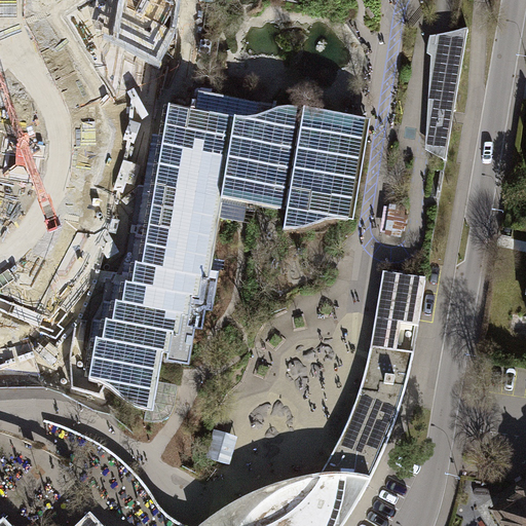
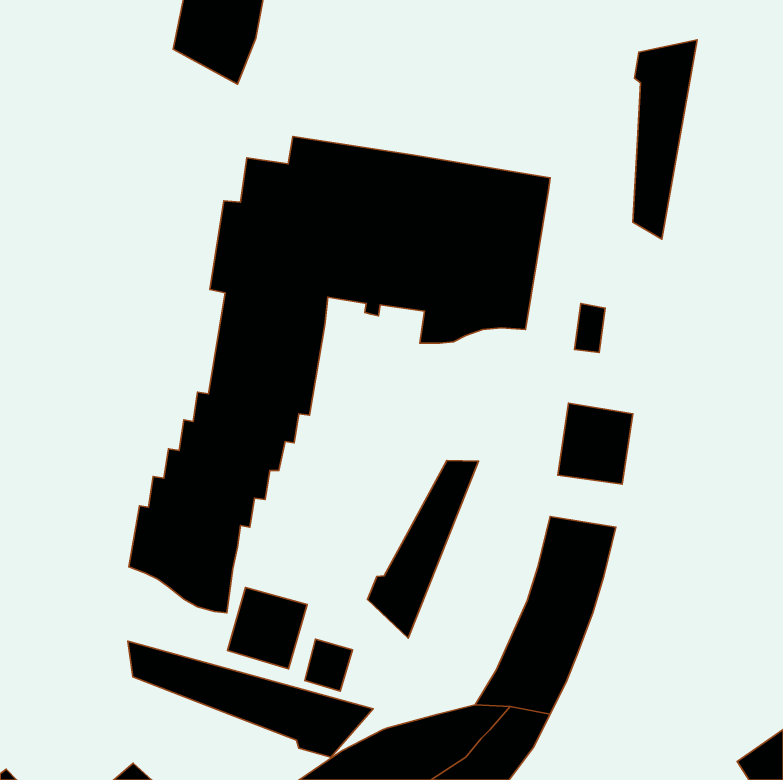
building: none -> [368,460,479,638]
building: [369,318,417,353] -> none
building: none -> [227,587,307,669]
building: none -> [128,641,373,757]

